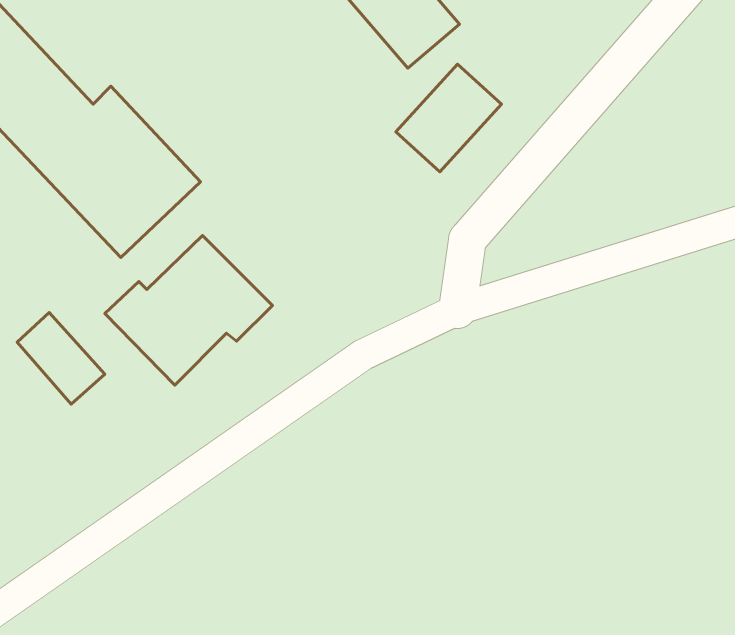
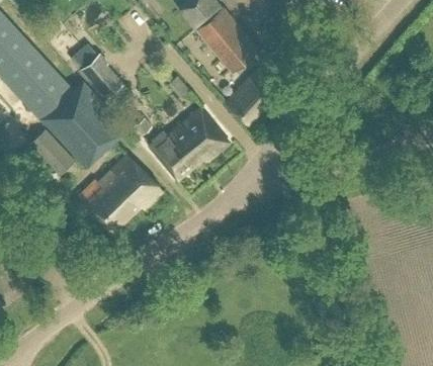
building: none -> [77,52,123,101]
building: none -> [148,108,229,179]
building: [17,312,105,404] -> [30,128,75,175]

